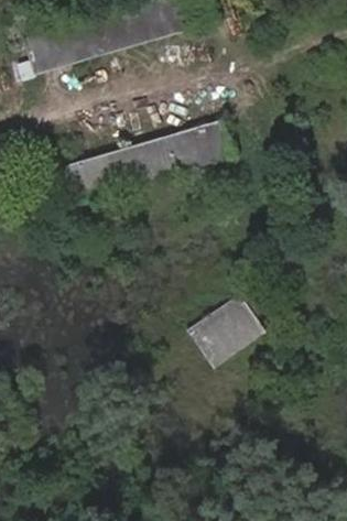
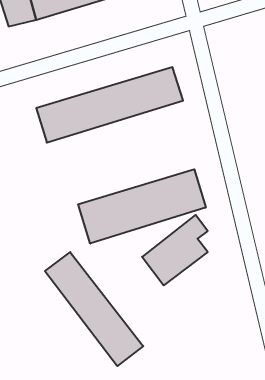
building: none -> [78,169,206,244]
building: none -> [45,252,143,366]

